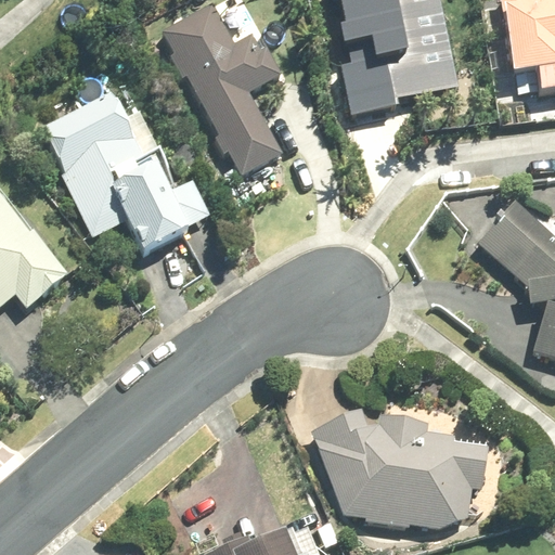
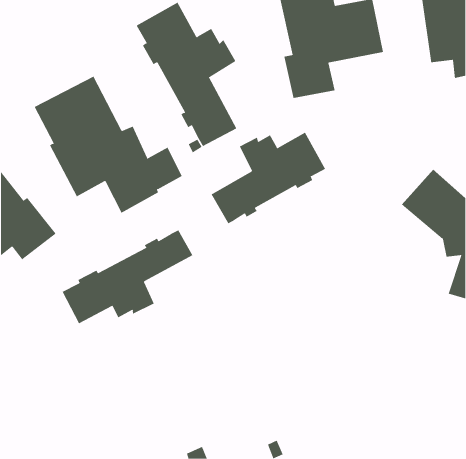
building: none -> [211,132,326,224]
building: none -> [62,229,193,324]
building: [311,410,489,528] -> none

